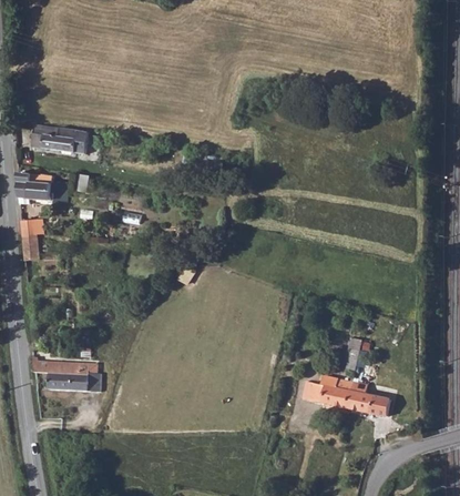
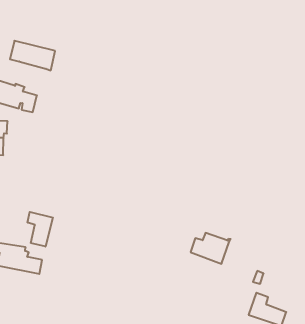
building: none -> [28,212,53,247]
building: [309,373,354,406] -> [191,233,231,264]

